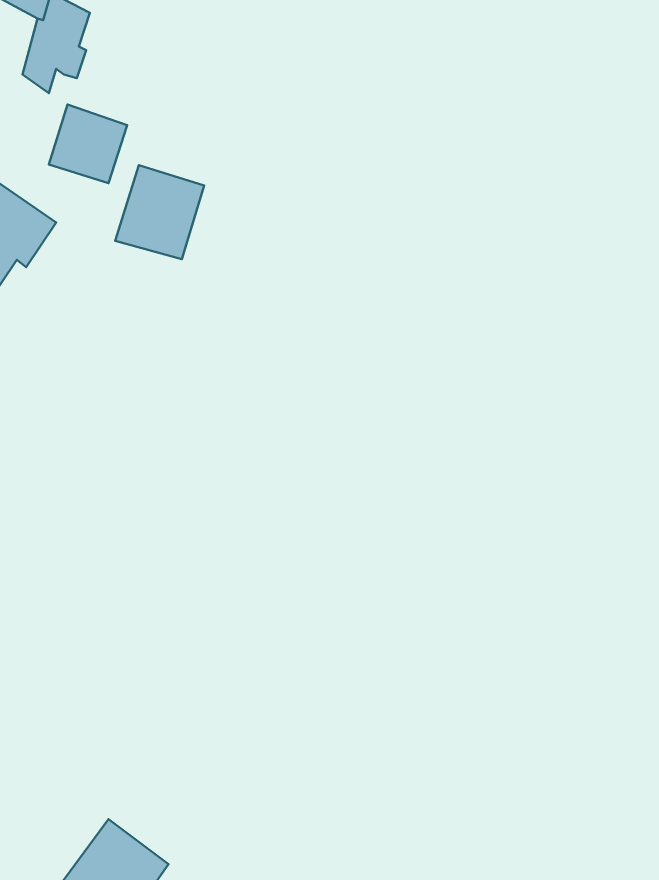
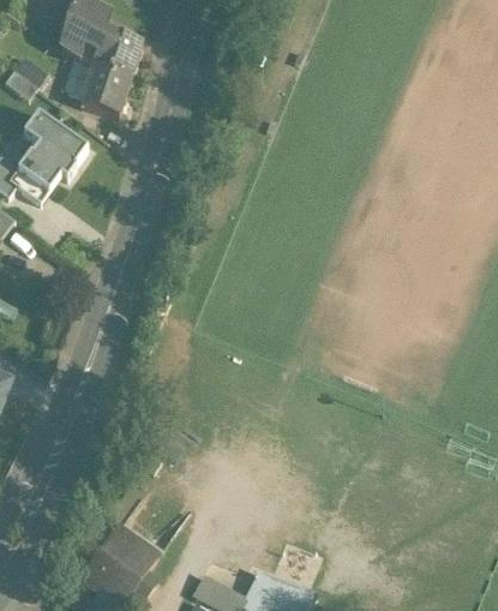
building: none -> [91,32,142,80]
building: [115,165,204,259] -> none

